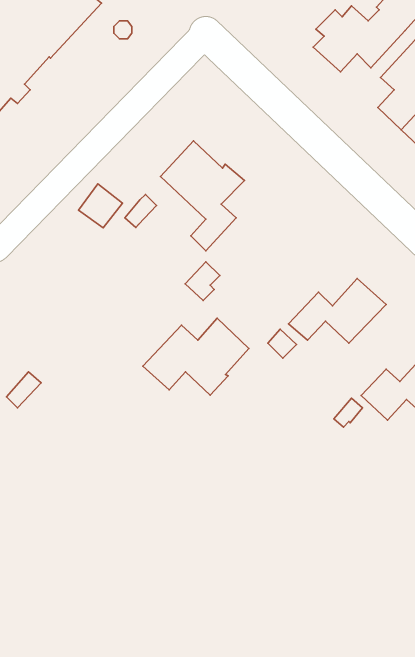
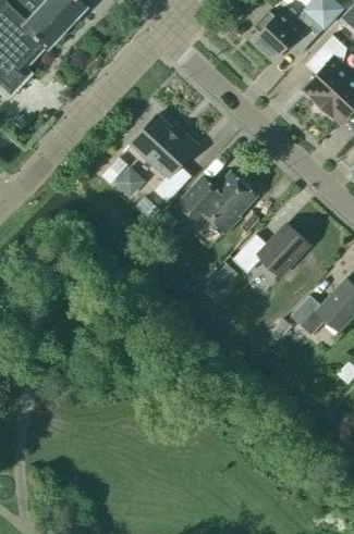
building: [79,184,123,228] -> [115,166,150,201]
building: [143,318,249,395] -> [172,172,256,233]

